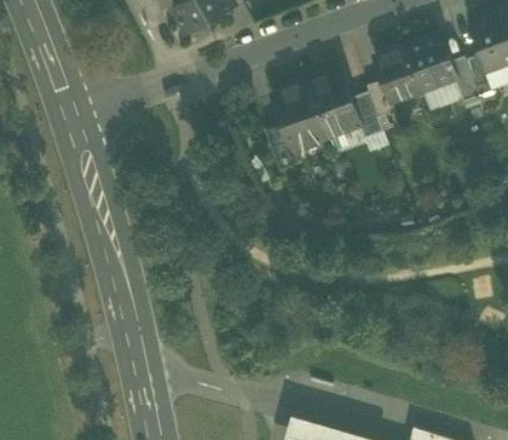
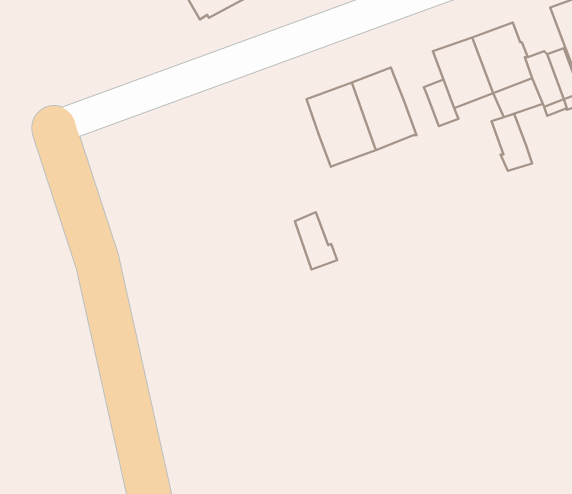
building: [352,92,385,138] -> [491,114,532,171]
building: [266,123,300,169] -> [295,212,337,269]

